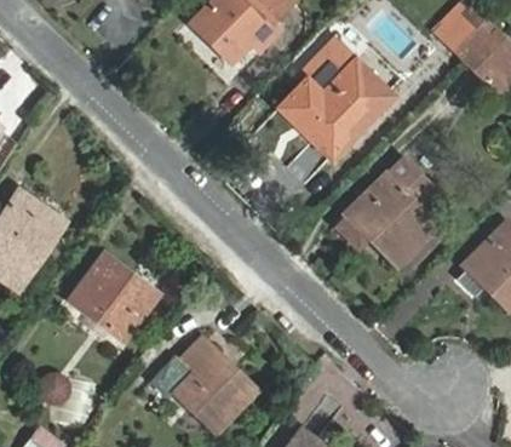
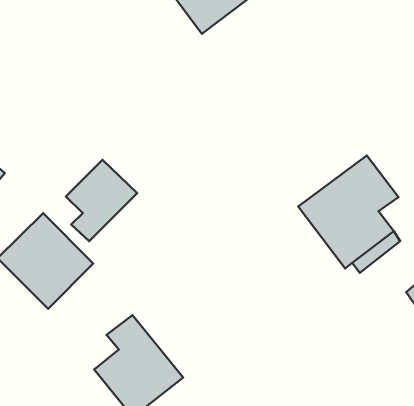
building: [280,39,391,157] -> none
building: none -> [66,160,137,241]

